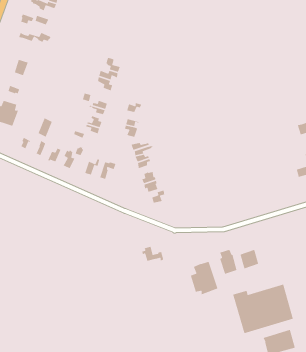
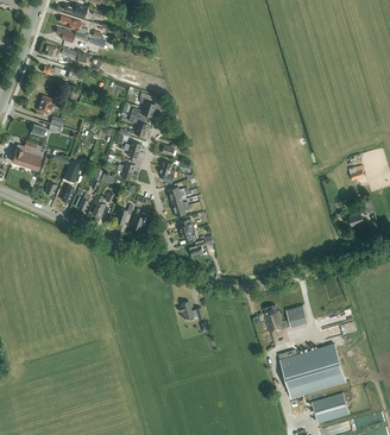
building: [190,261,218,295] -> none

